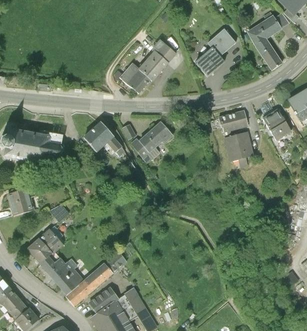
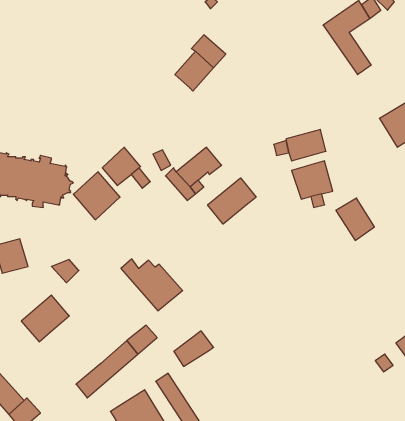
building: [194,29,235,77] -> none
building: [119,63,149,93] -> none
building: [262,108,290,139] -> [336,198,374,240]
building: none -> [73,172,120,220]
building: none -> [208,178,256,224]
building: [39,257,84,295] -> [121,259,183,311]
building: [90,285,119,311] -> [174,331,214,366]

